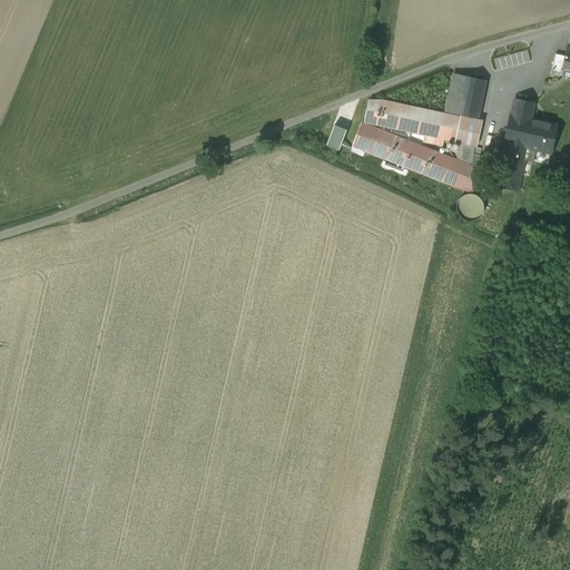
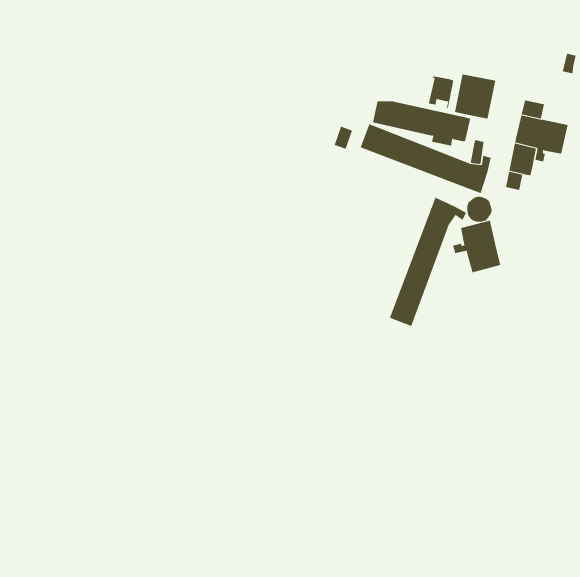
building: [454,114,482,146] -> [426,76,454,109]
building: none -> [389,197,467,327]
building: none -> [452,220,501,273]

